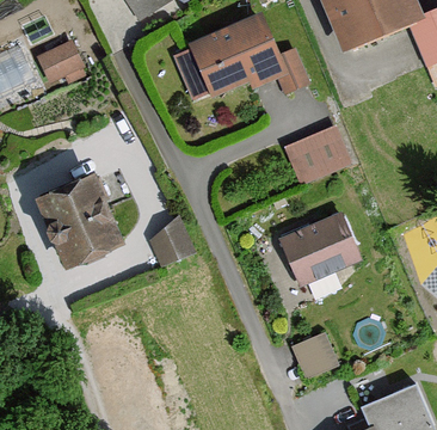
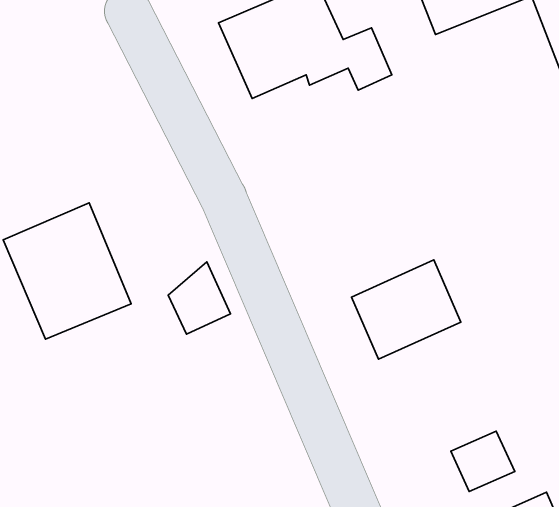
building: [37,38,88,82] -> none
building: [285,124,351,184] -> none
building: [293,331,338,374] -> [451,431,515,492]

